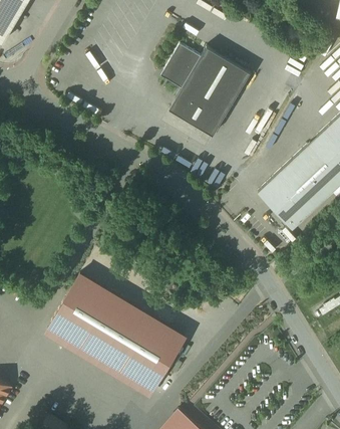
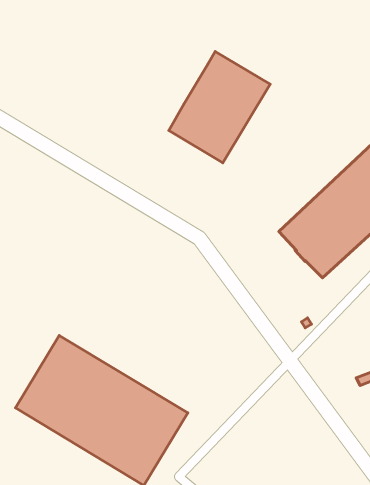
building: [163,44,201,88] -> none

